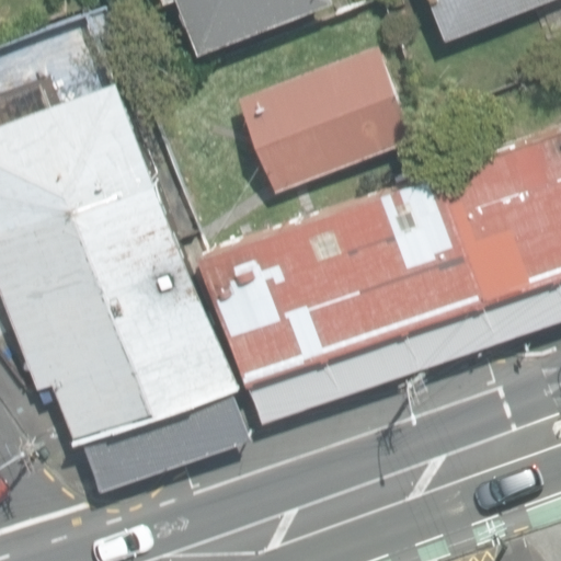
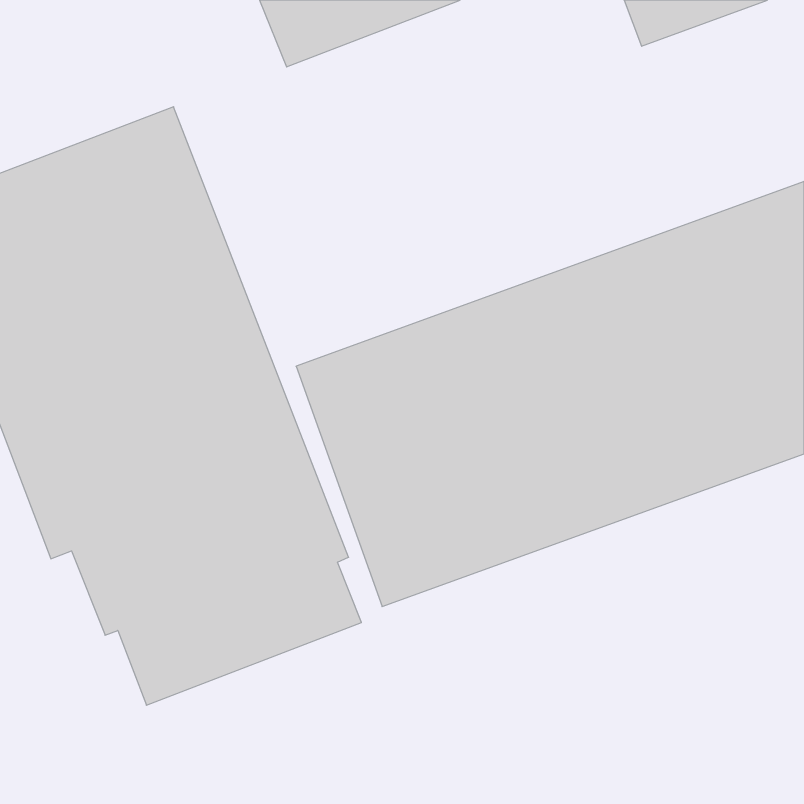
building: [238,45,412,191] -> none

